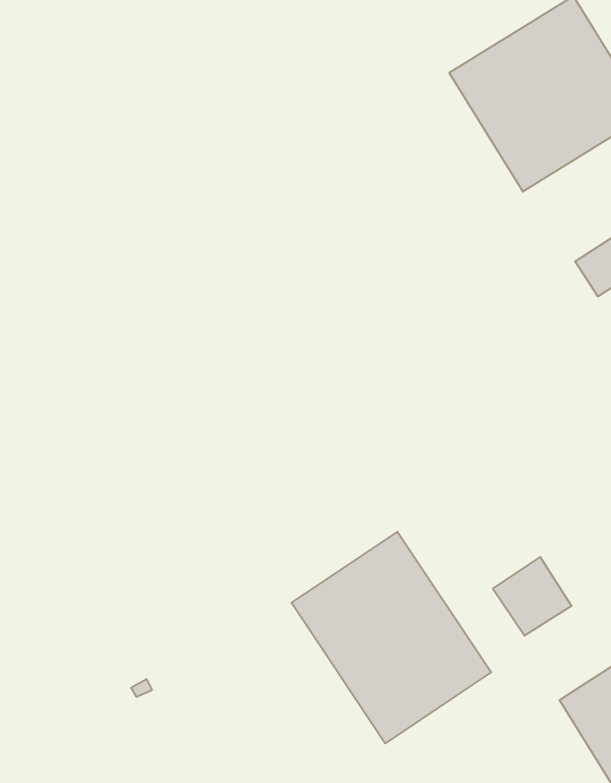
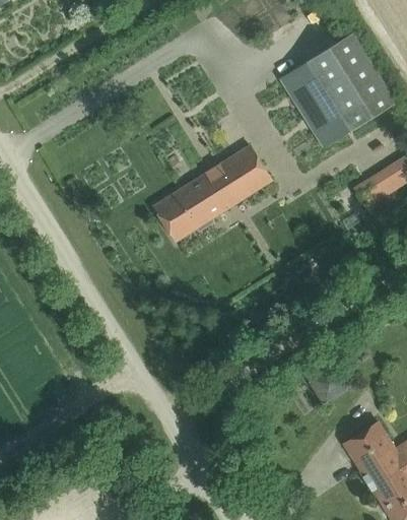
building: none -> [153,145,272,241]
building: [291,532,491,743] -> none

